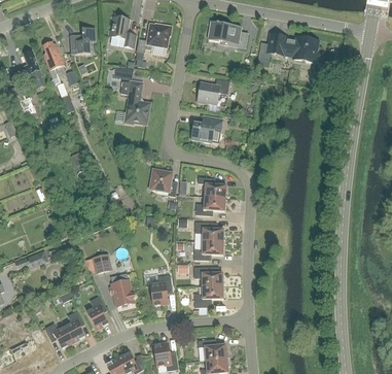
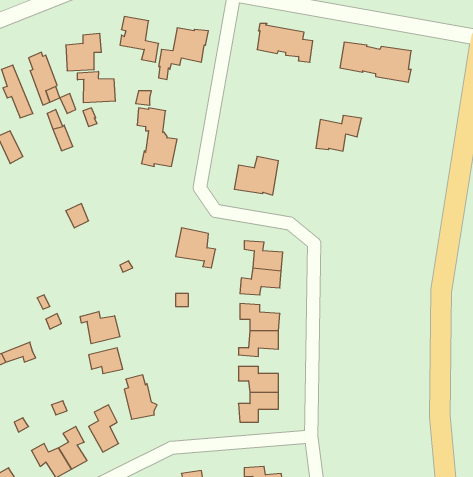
building: none -> [78,71,115,103]
building: [197,79,229,105] -> [316,115,362,151]
building: none -> [80,311,120,344]
building: [150,276,172,306] -> none

